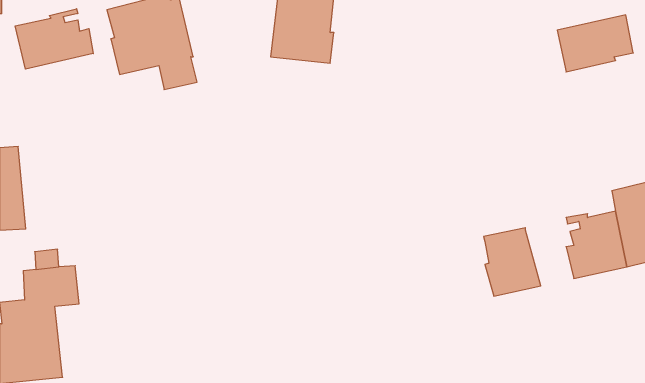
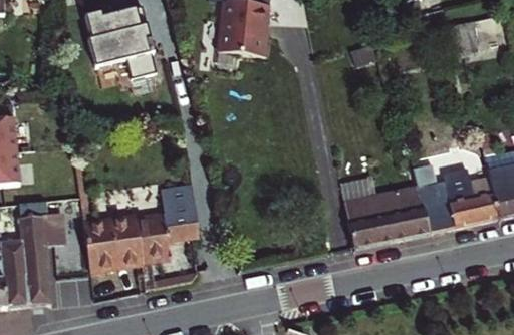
building: [15,9,93,69] -> none
building: none -> [342,178,393,249]
building: none -> [418,179,461,233]
building: none -> [84,187,196,271]

